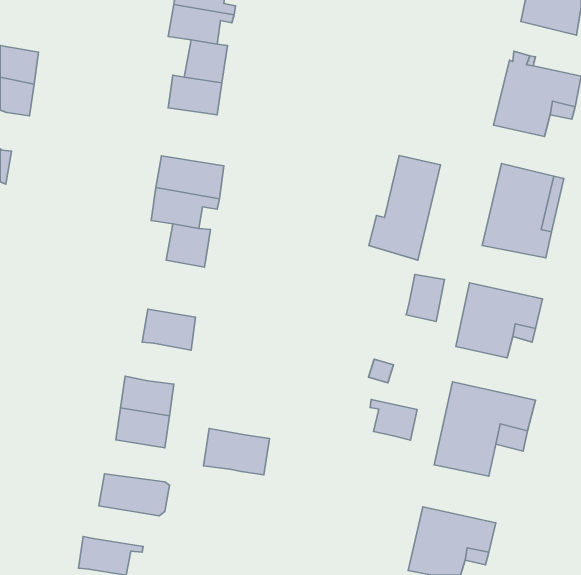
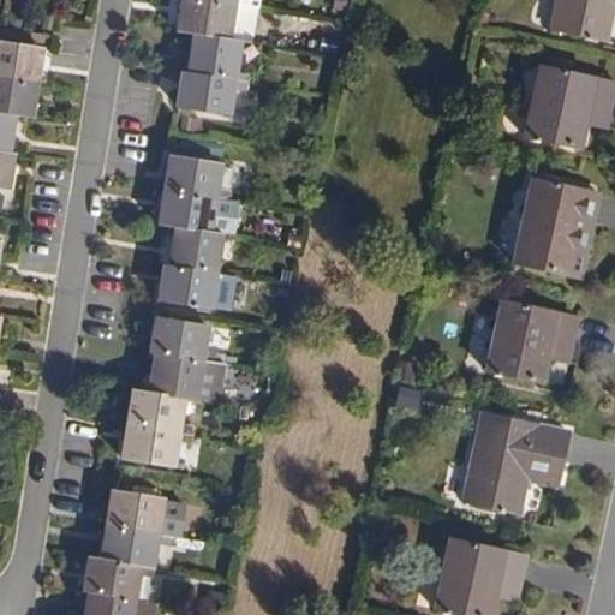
building: [369,155,440,260] -> none
building: none -> [159,274,235,320]
building: [406,274,445,321] -> none
building: [370,400,417,440] -> none
building: [204,428,269,475] -> [156,363,226,412]
building: none -> [98,535,168,578]

